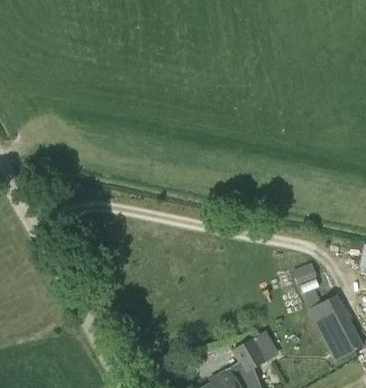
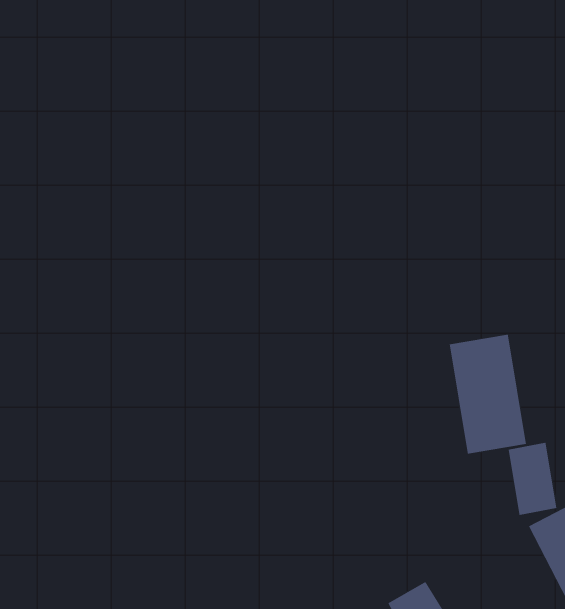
building: none -> [449,334,527,455]

